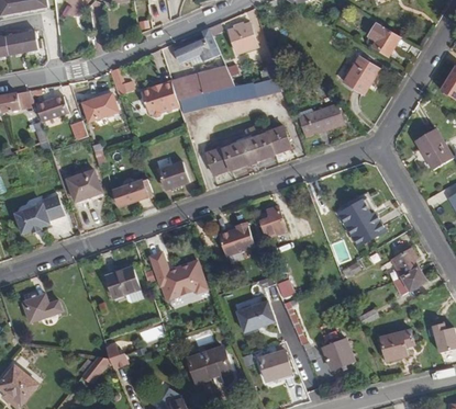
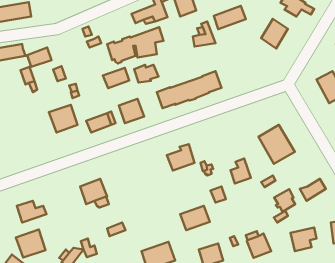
building: [209,63,241,86] -> [134,65,159,83]
building: [81,89,115,115] -> [103,68,129,88]
building: [300,103,342,134] -> [214,6,246,29]
building: [14,194,64,234] -> none
building: [260,204,287,237] -> [231,158,251,184]
building: [391,246,419,275] -> [274,189,295,212]
building: [160,260,205,296] -> none
building: none -> [16,229,45,257]

